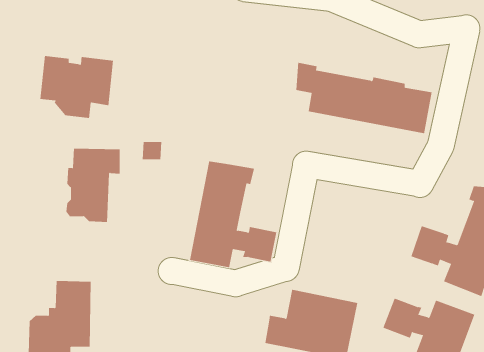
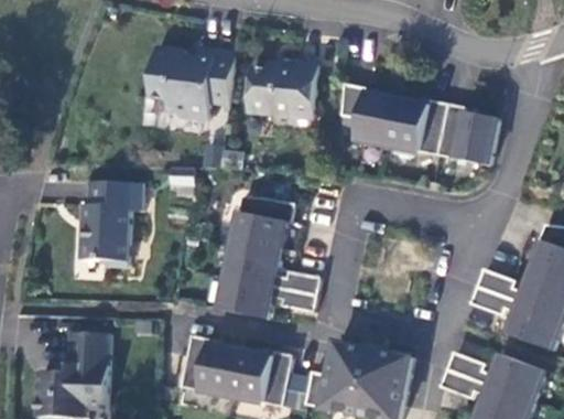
building: none -> [247,57,316,125]
building: [39,56,114,118] -> [149,46,234,118]
building: none -> [181,335,292,406]

